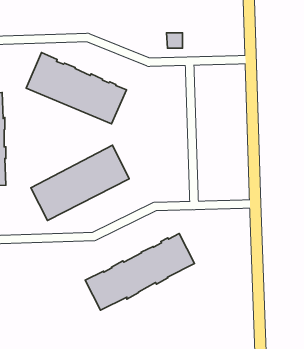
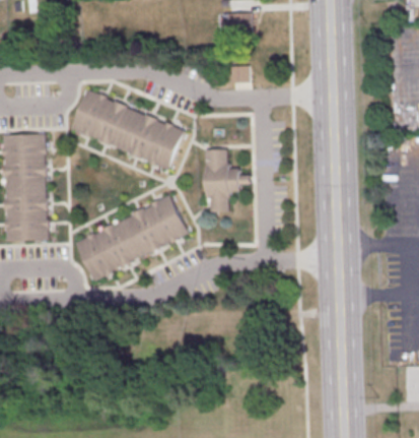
building: none -> [207,149,251,212]
building: [85,233,195,310] -> none

